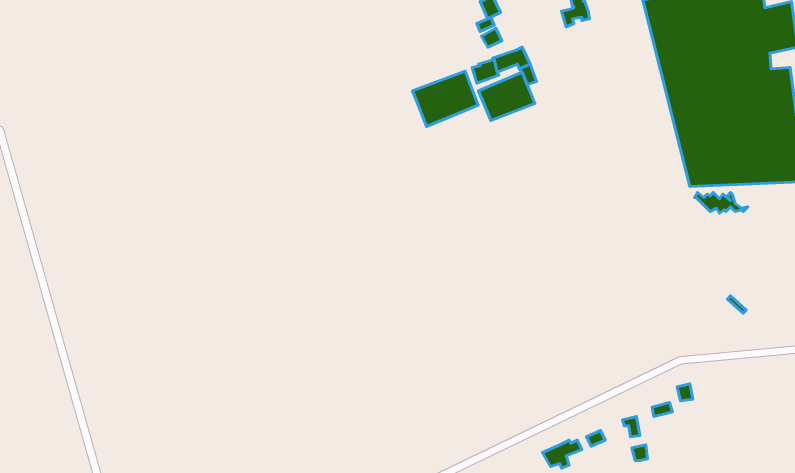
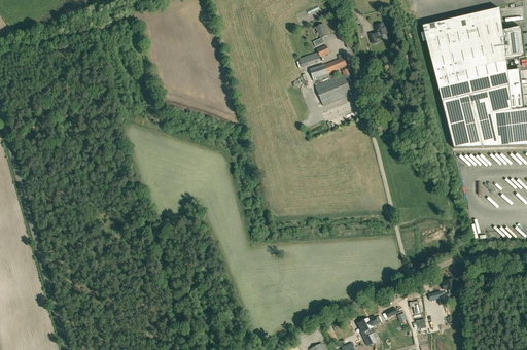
building: [412,71,478,126] -> none

